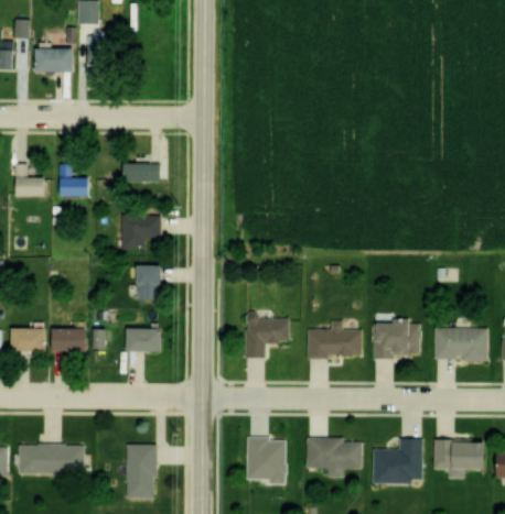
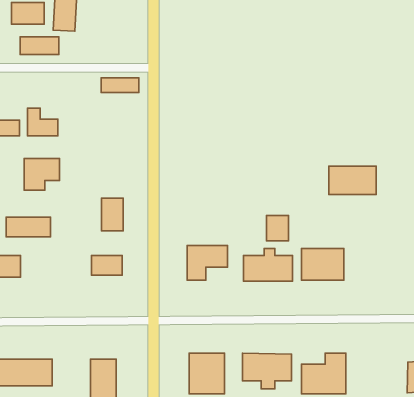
building: none -> [20,37,59,54]
building: [122,164,164,181] -> [101,78,139,93]
building: [123,215,163,250] -> [24,159,60,190]
building: none -> [267,216,289,241]
building: [427,328,480,360] -> [329,166,376,195]
building: [55,329,105,351] -> [6,217,50,237]
building: [430,439,476,470] -> none

